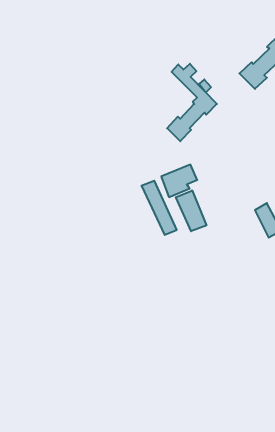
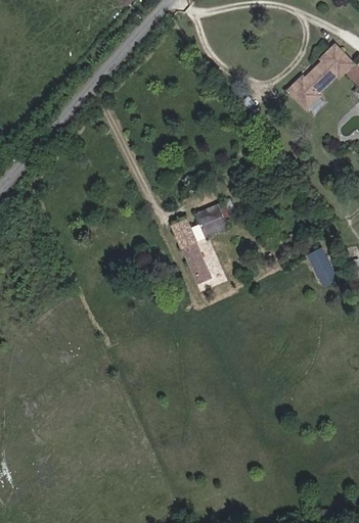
building: [167,64,217,141] -> none
building: [176,190,206,231] -> none

